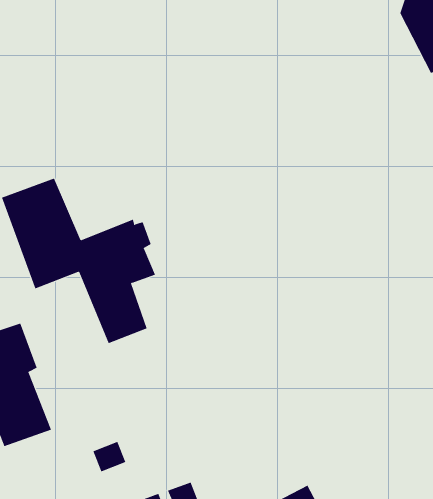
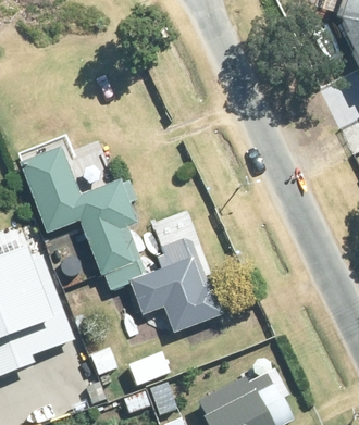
building: none -> [132,237,227,333]

